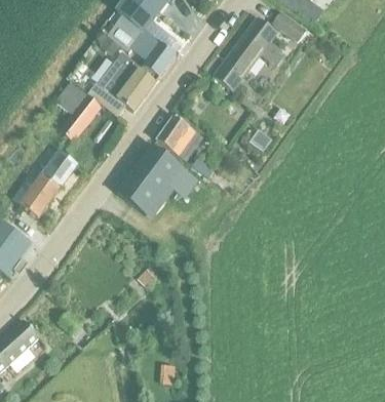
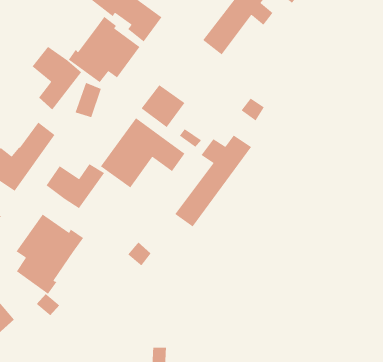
building: none -> [174,135,252,227]
building: none -> [45,163,105,209]
building: none -> [16,214,84,295]

